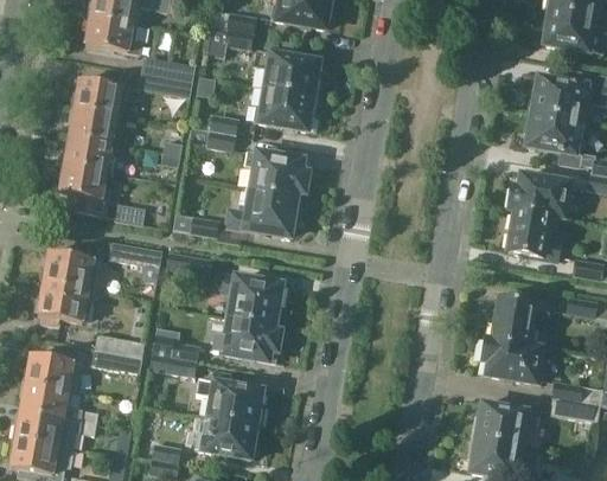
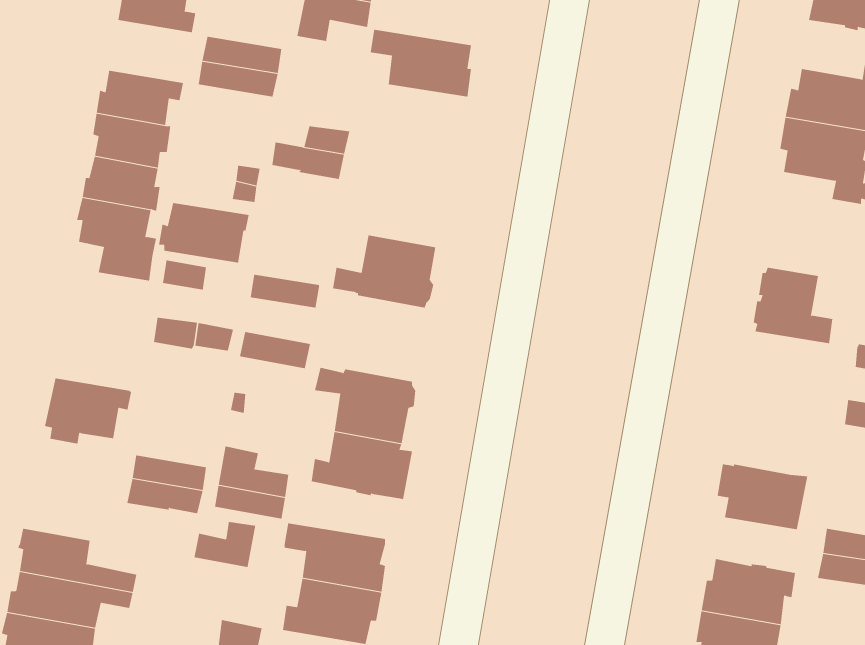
building: [253,88,318,129] -> none
building: [244,150,307,195] -> none
building: [509,174,570,217] -> none
building: [40,250,101,290] -> [158,202,249,263]
building: [491,296,550,346] -> none
building: [23,352,81,391] -> none
building: none -> [194,521,256,568]

